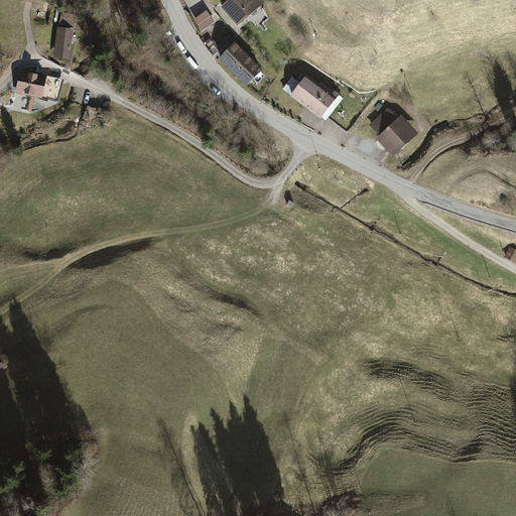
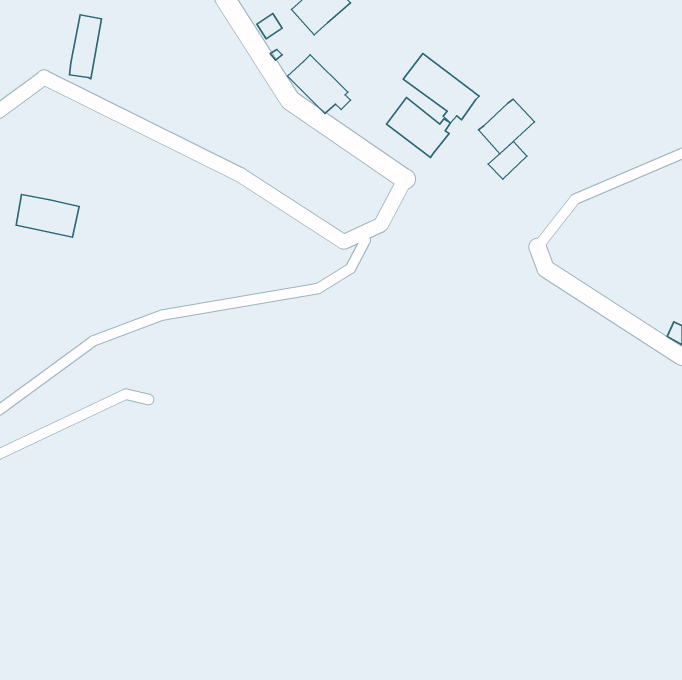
building: none -> [403,54,479,123]
building: [15,69,62,101] -> [16,194,79,237]
building: [375,115,417,156] -> [478,99,535,154]

